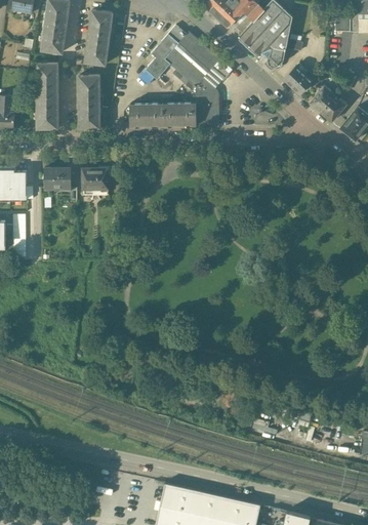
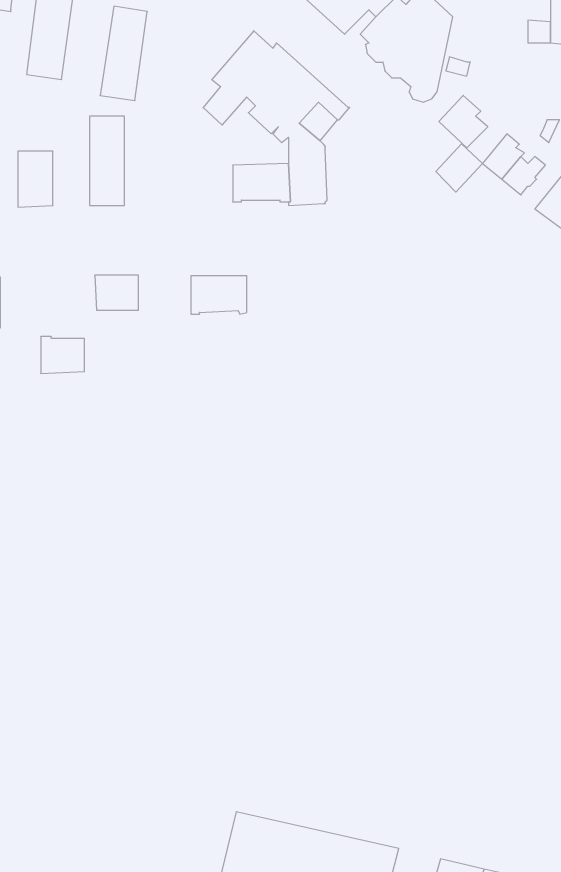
building: [37,63,57,95] -> none
building: none -> [436,144,483,192]
building: [130,104,163,126] -> [191,276,247,314]
building: [45,167,71,189] -> [41,337,84,373]

